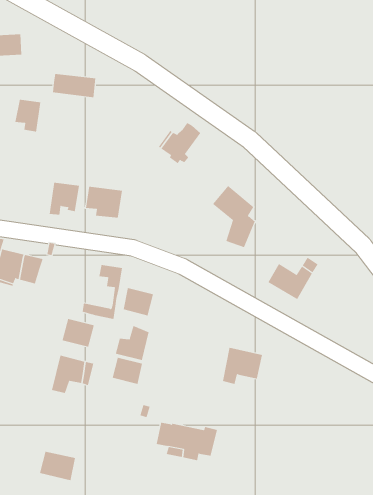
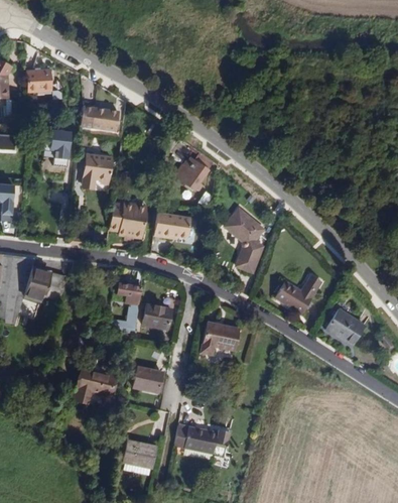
building: [49,182,80,215] -> [85,154,113,184]
building: none -> [155,212,192,237]
building: none -> [325,308,365,346]
building: [62,318,94,347] -> none
building: [115,325,149,361] -> none
building: [222,347,263,385] -> [201,322,238,356]
building: [39,451,76,481] -> [122,439,155,467]

